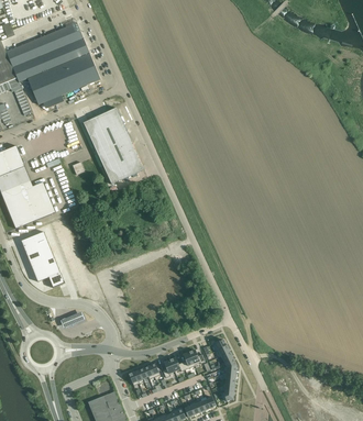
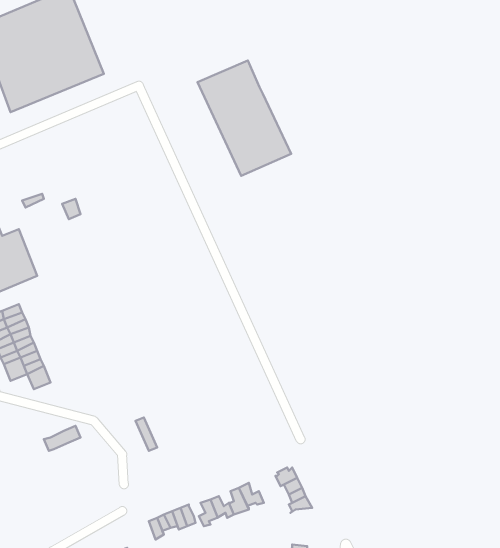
building: [83,108,144,184] -> [198,61,291,176]

